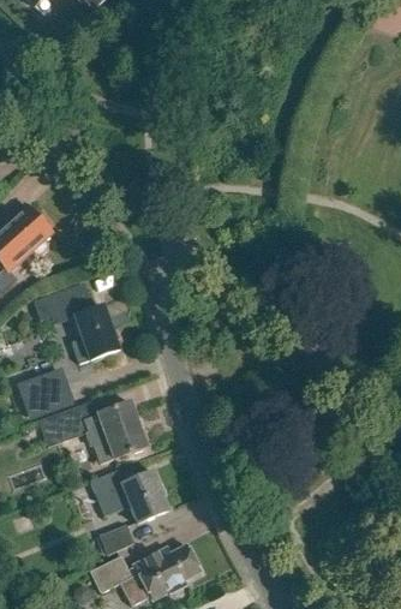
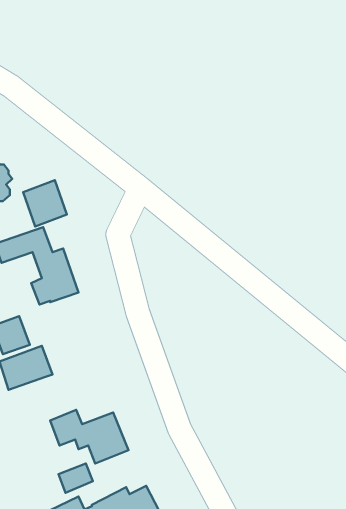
building: none -> [23,180,67,226]
building: [82,399,146,464] -> none

